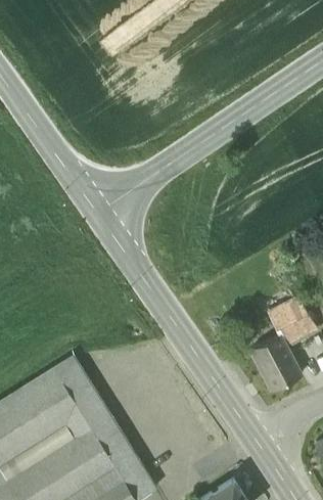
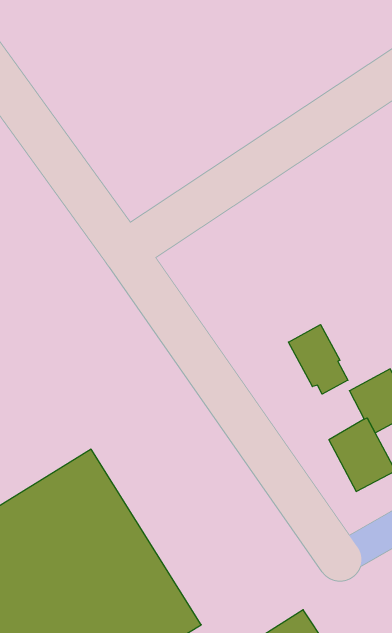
building: none -> [288,325,348,394]

